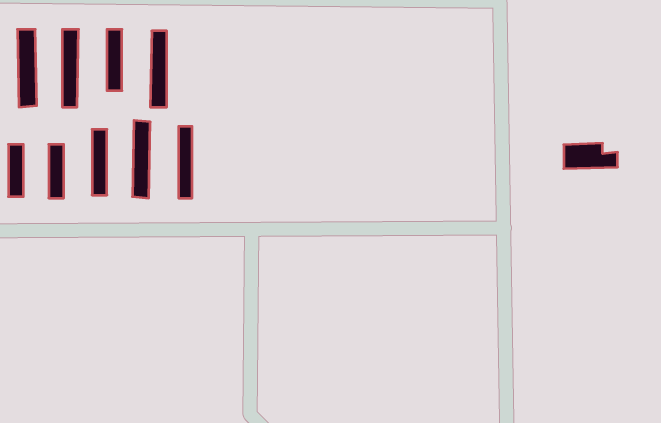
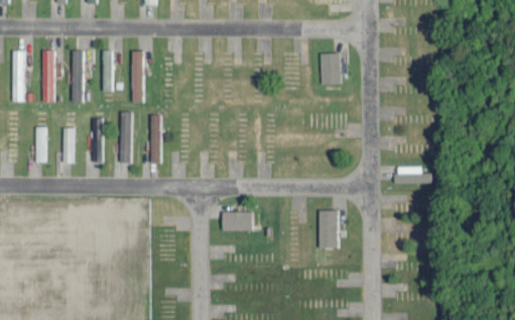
building: none -> [320,52,341,84]
building: [564,143,618,169] -> [396,166,432,183]
building: none -> [318,209,339,249]
building: none -> [223,211,252,229]

